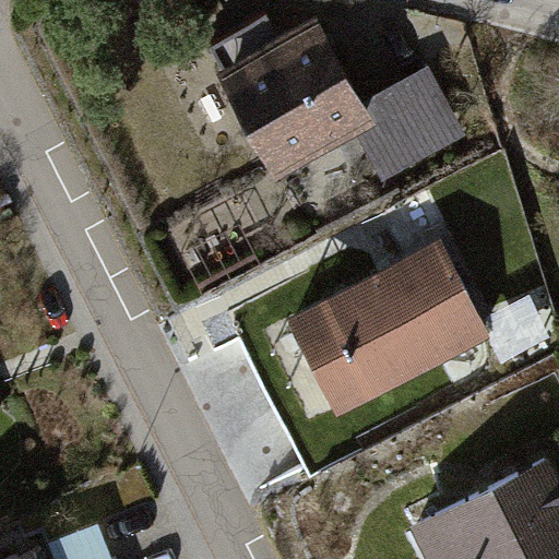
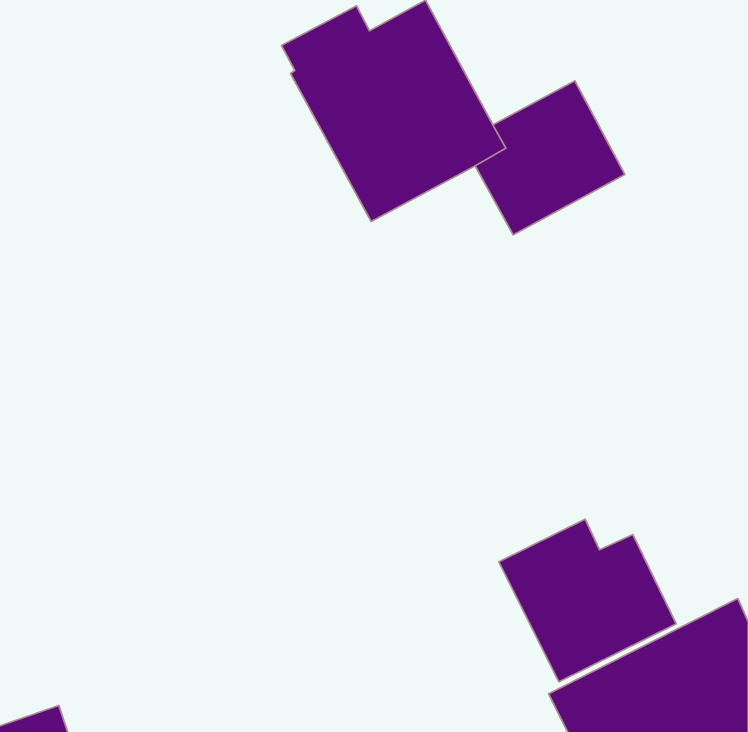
building: [287,241,489,417] -> none
building: none -> [499,519,676,682]

